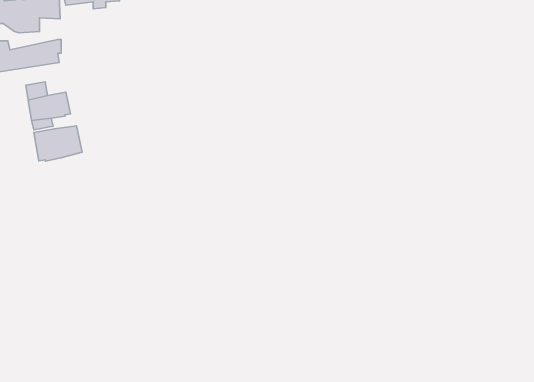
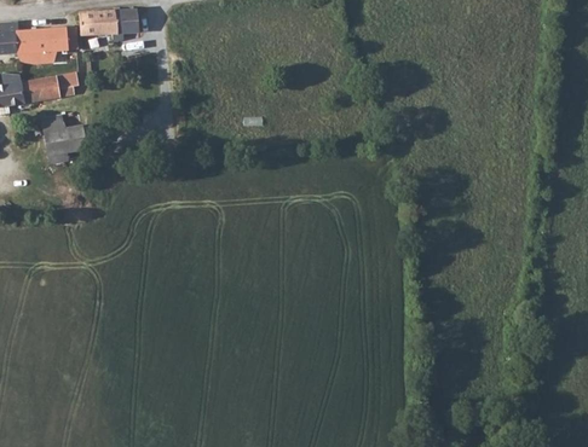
building: [34,126,82,161] -> none

